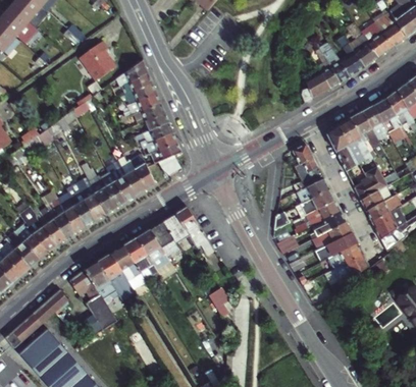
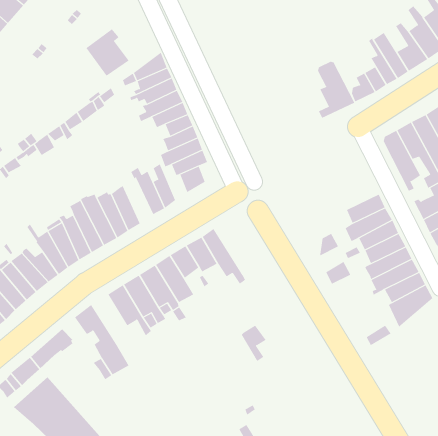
building: [293,144,324,191] -> [317,61,355,119]
building: [101,155,136,203] -> none
building: [85,262,119,303] -> none

